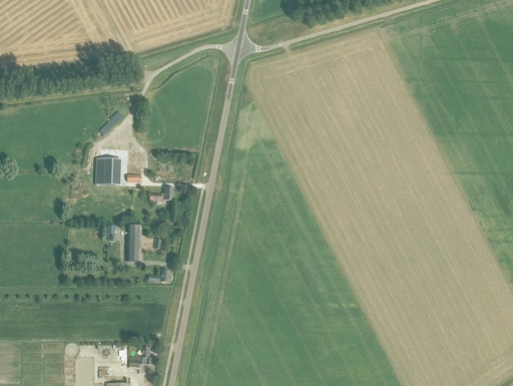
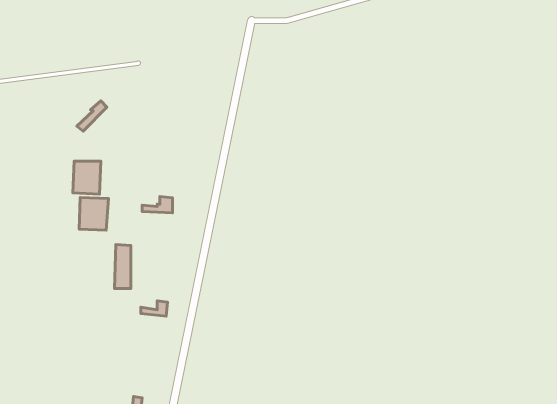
building: none -> [79,197,108,230]

